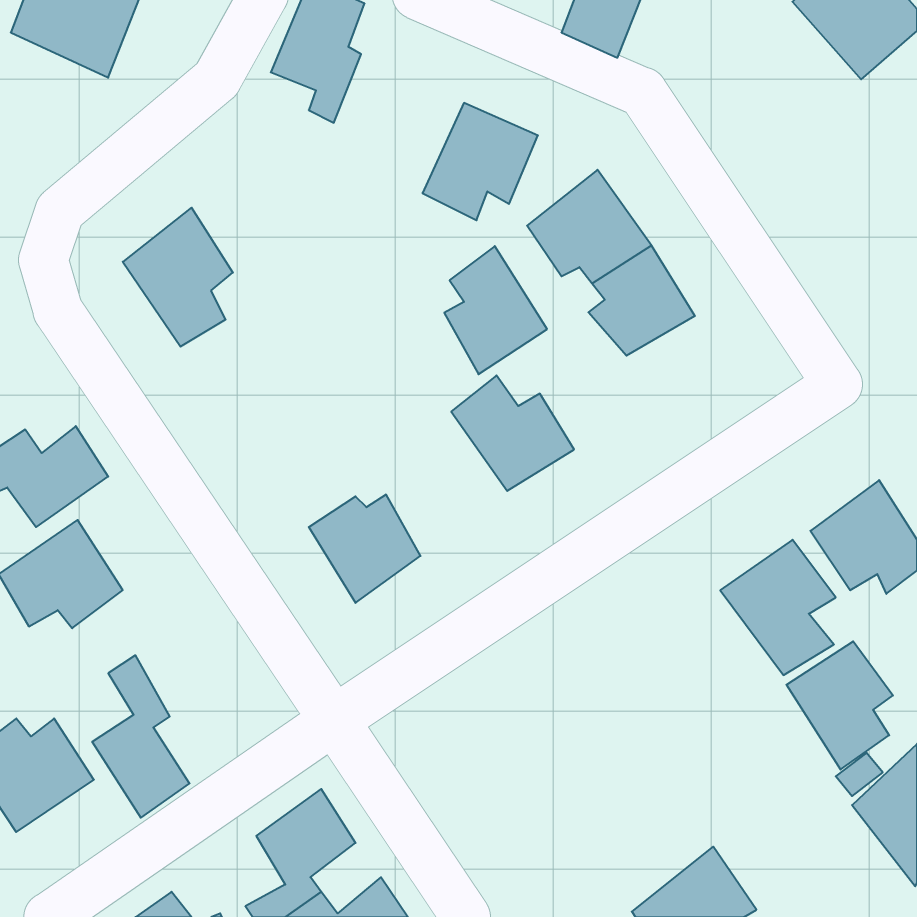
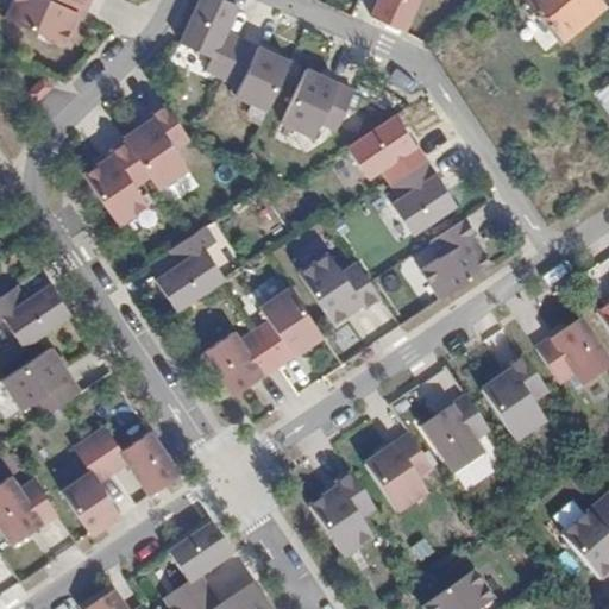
building: none -> [220,36,291,117]
building: none -> [126,103,195,194]
building: [444,246,547,374] -> [255,282,322,366]
building: none -> [422,218,492,302]
building: none -> [156,221,226,314]
building: none -> [89,421,183,494]
building: [786,641,893,770] -> [421,393,491,477]
building: none -> [362,427,435,519]
building: none -> [309,471,377,560]

